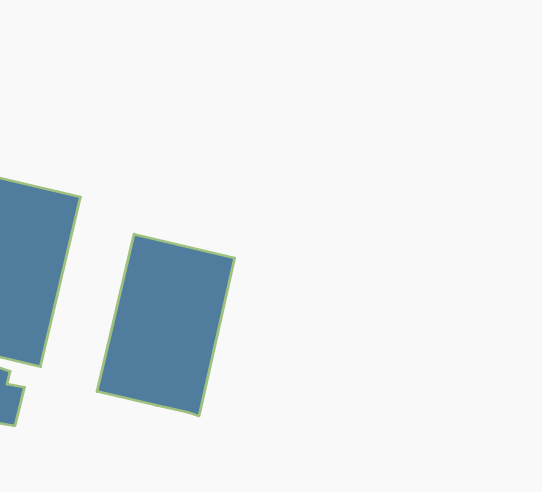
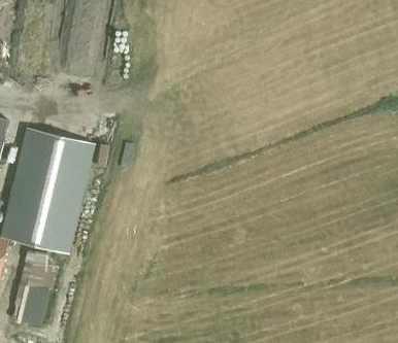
building: [97,234,235,416] -> none

